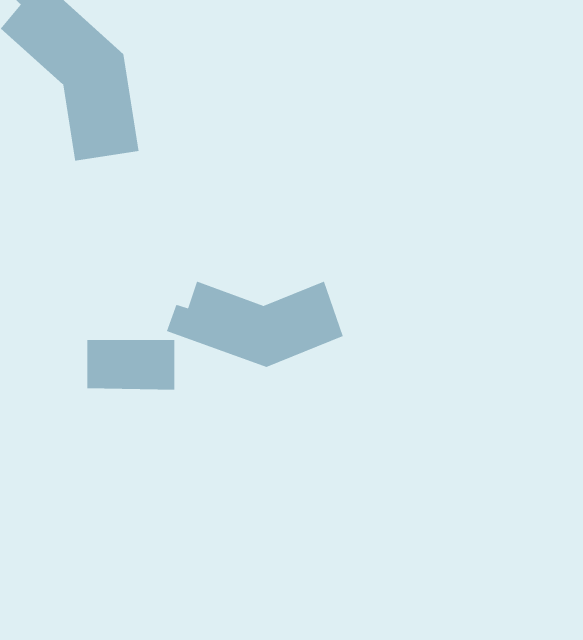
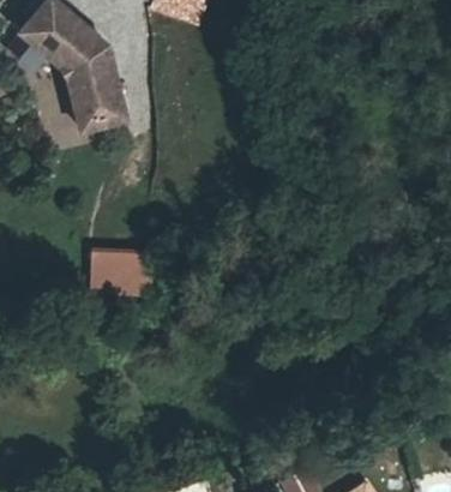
building: [166,280,344,368] -> none

